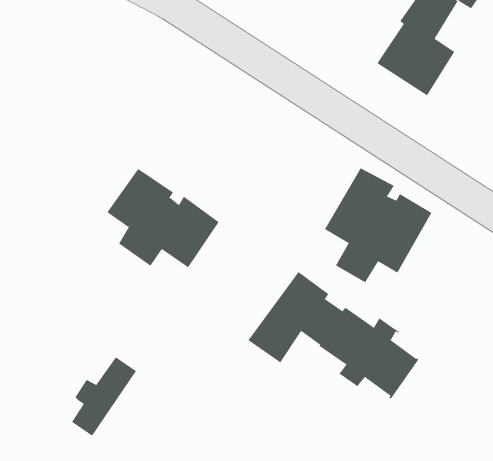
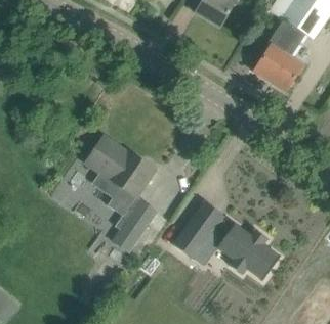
building: [324,167,432,283] -> none
building: [71,356,137,437] -> [115,200,156,250]

